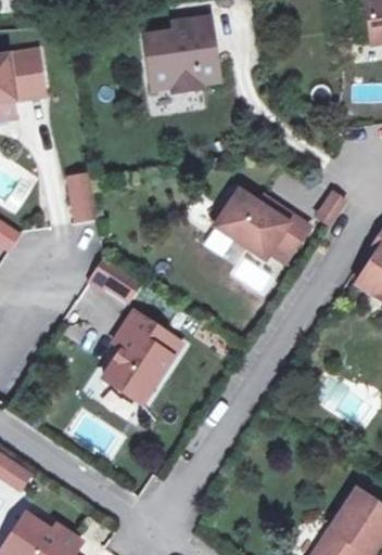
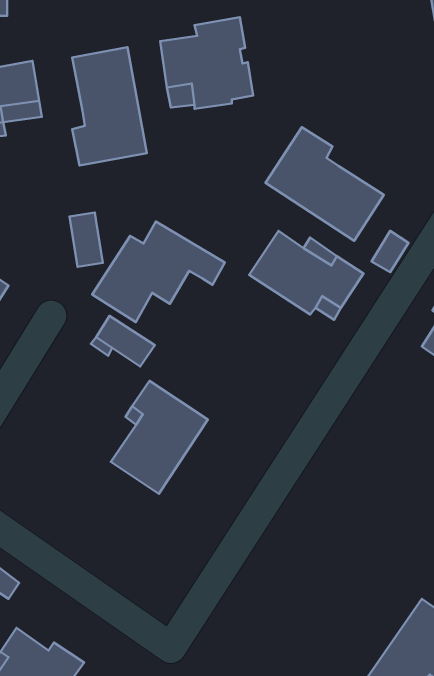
building: none -> [72,47,147,165]
building: none -> [265,127,384,241]
building: none -> [92,221,225,322]

